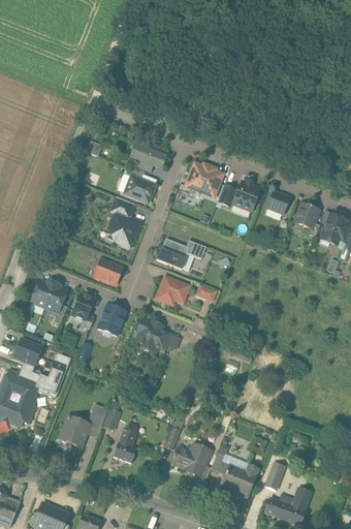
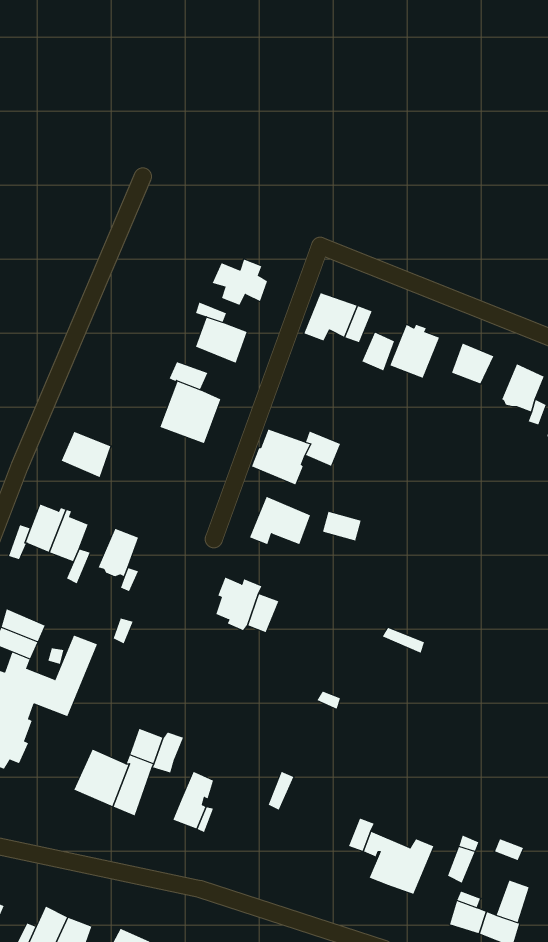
building: [95,258,123,284] -> [61,431,111,478]
building: [98,303,127,335] -> none
building: [172,443,212,474] -> none

